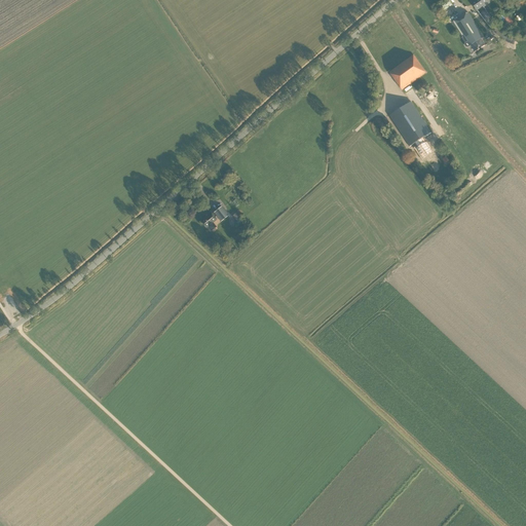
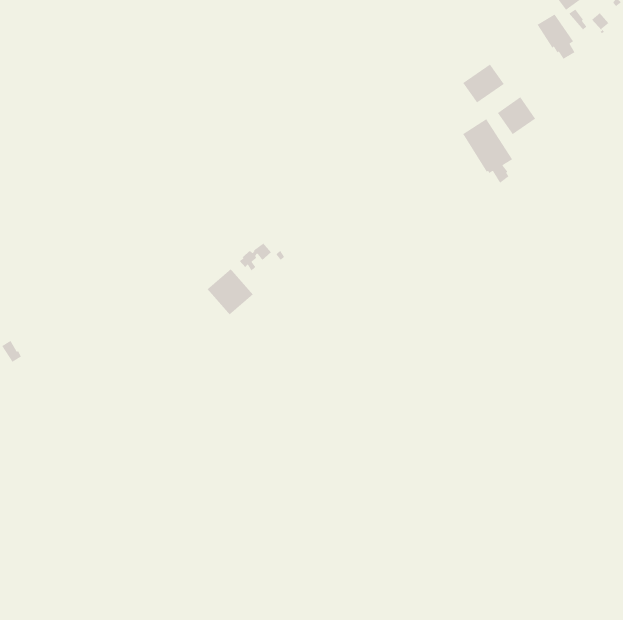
building: none -> [497,96,536,135]
building: none -> [207,268,254,316]

